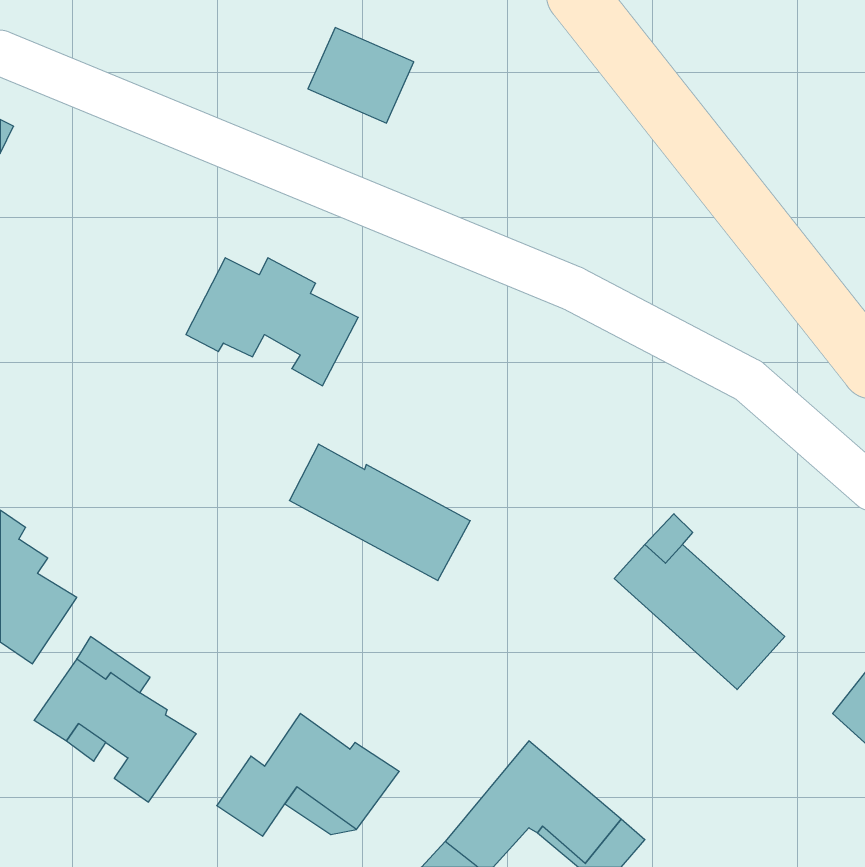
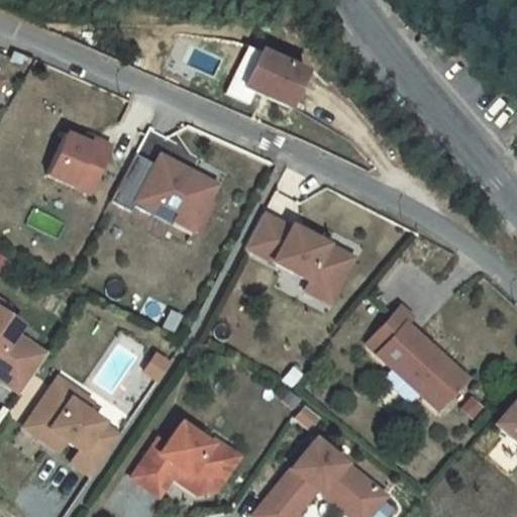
building: [308,28,414,123] -> [244,49,307,106]
building: none -> [49,130,114,191]
building: [289,444,470,581] -> [247,211,354,292]

